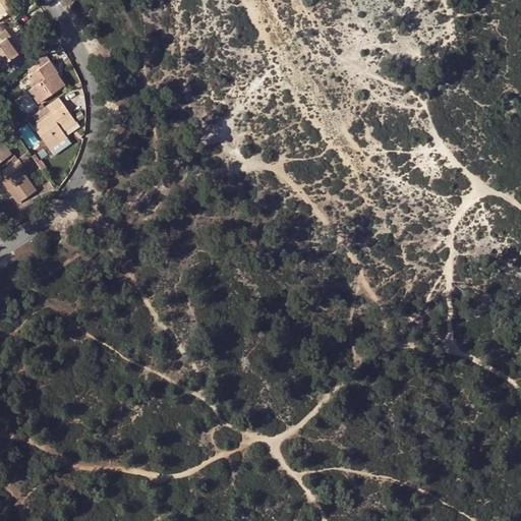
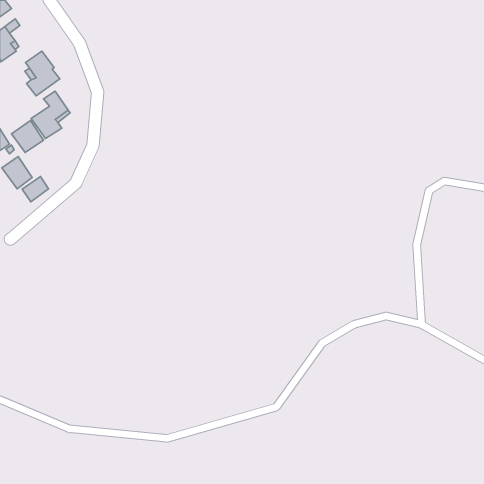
building: none -> [11,121,44,153]
building: none -> [22,177,49,202]

